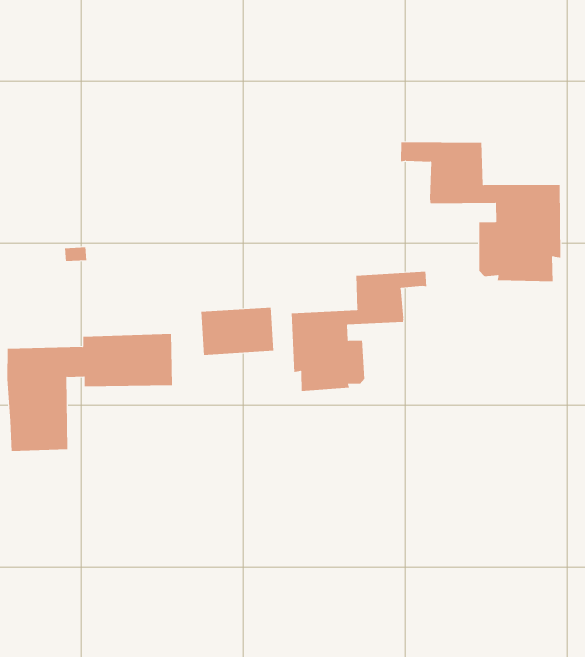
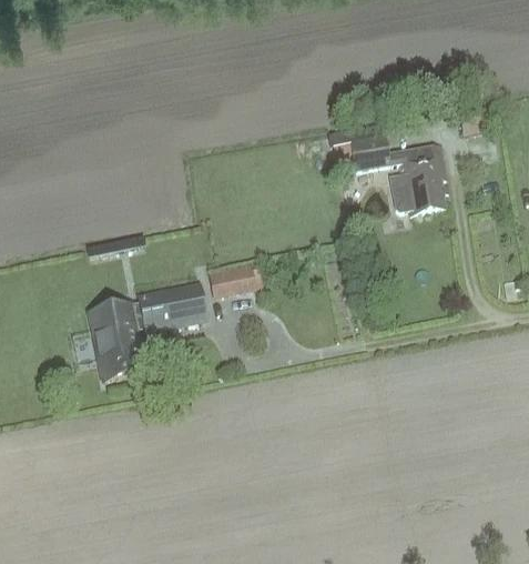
building: [291,271,427,392] -> none

